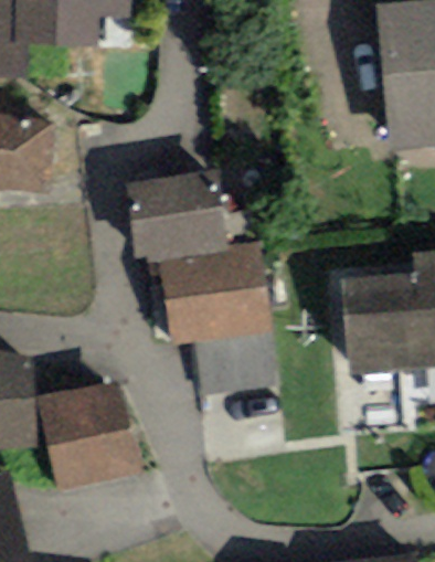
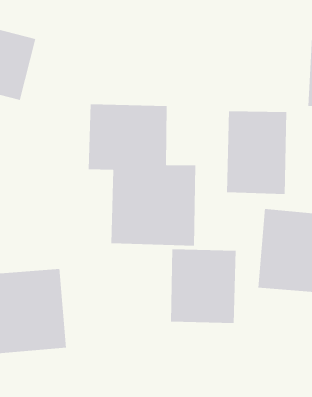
building: none -> [226,111,287,195]
building: none -> [170,249,236,324]

